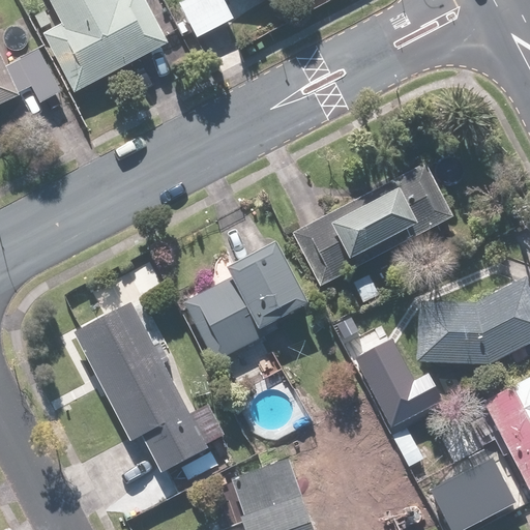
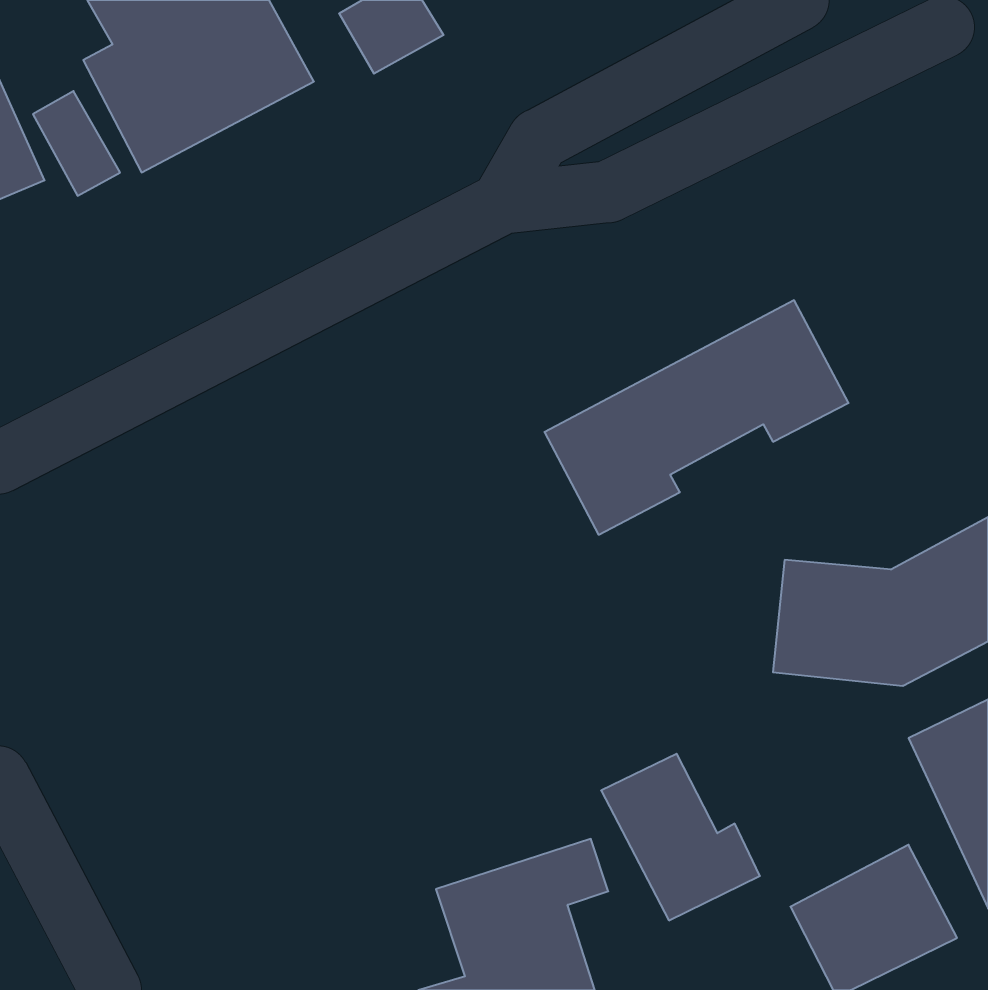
building: [181,237,311,363] -> none
building: [75,301,225,470] -> none
building: [353,337,438,426] -> [601,754,760,920]

